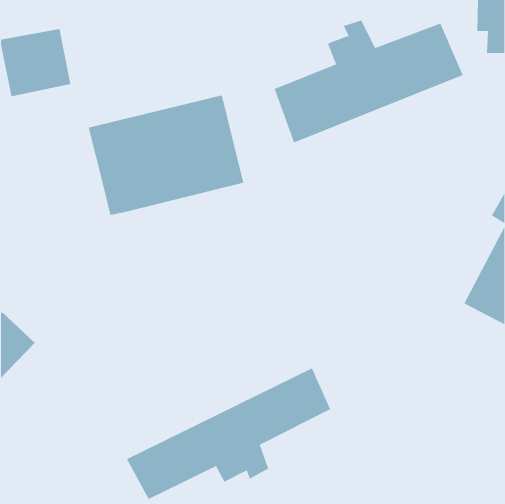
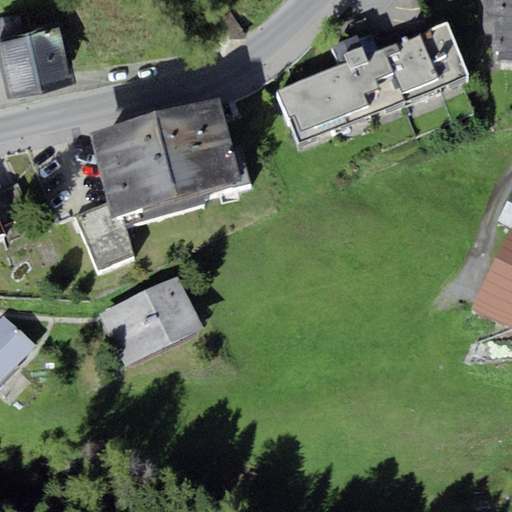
building: none -> [71,202,133,270]
building: none -> [99,274,204,369]
building: [126,368,331,500] -> none

